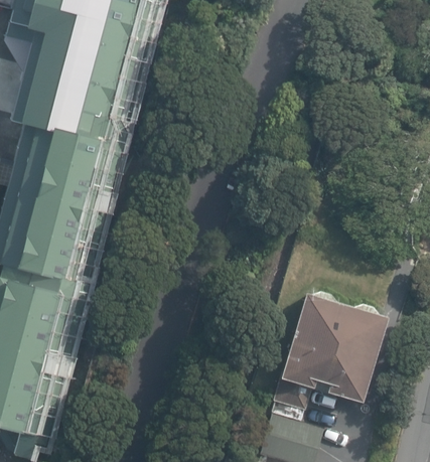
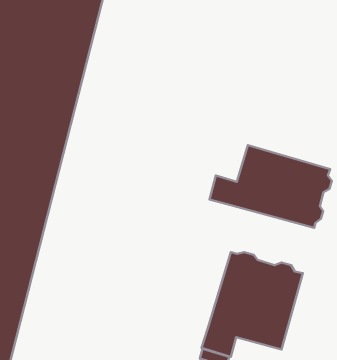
building: none -> [209,145,332,228]

